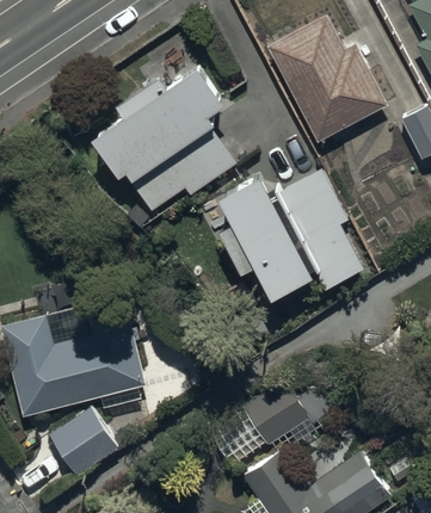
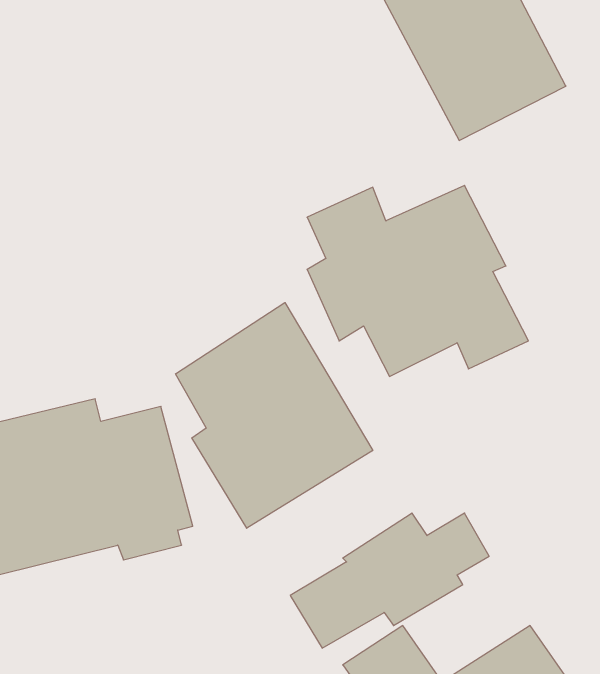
building: [93,63,236,217] -> none
building: none -> [176,303,373,528]
building: [48,407,118,476] -> none

